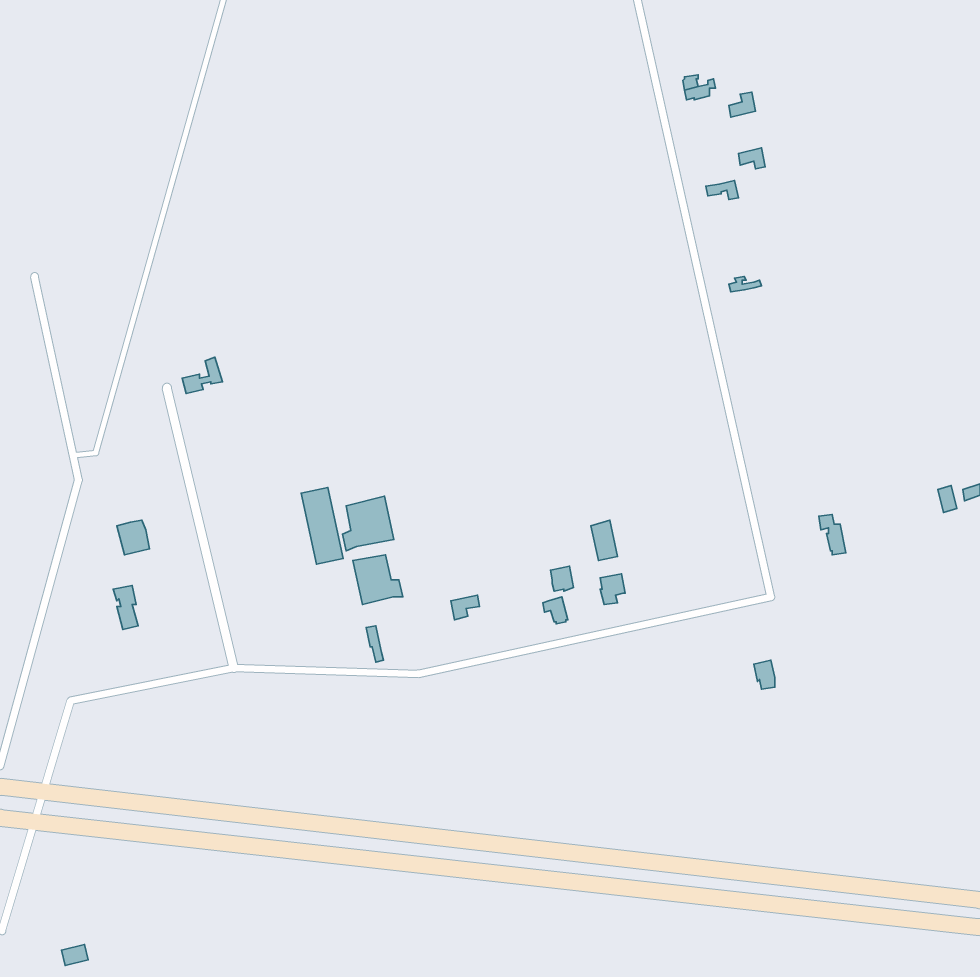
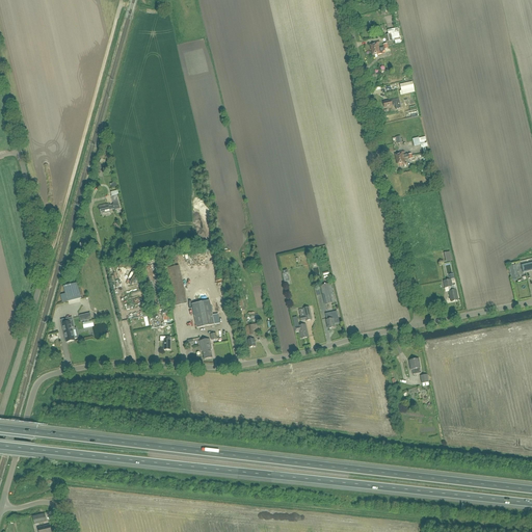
building: [343,496,394,551] -> none

